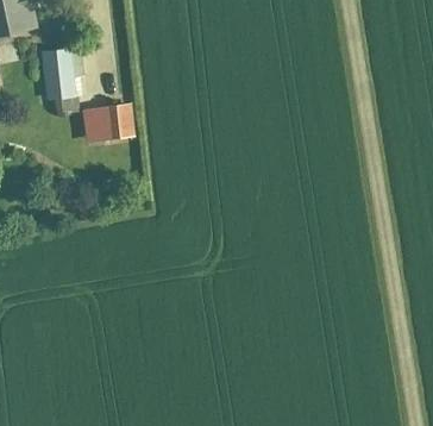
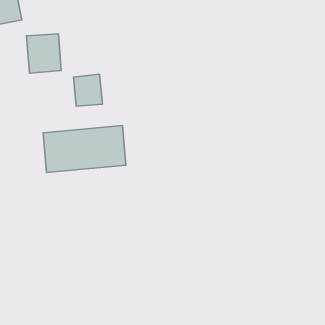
building: none -> [43,126,126,173]

